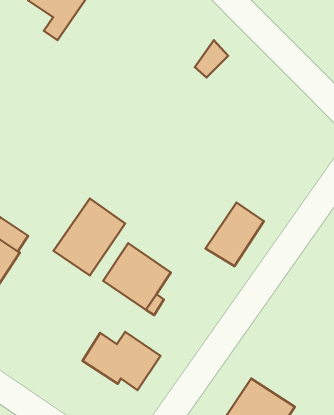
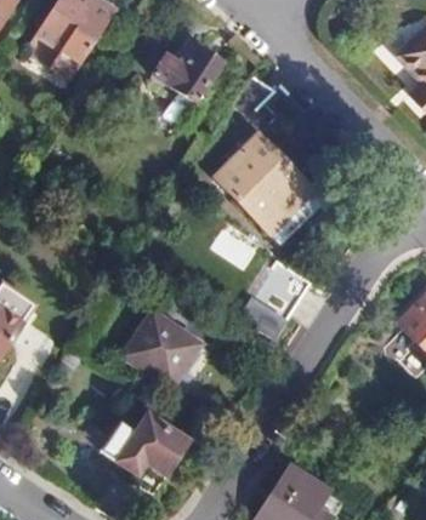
building: none -> [152,41,225,105]
building: none -> [216,139,320,246]
building: [54,198,125,275] -> none

